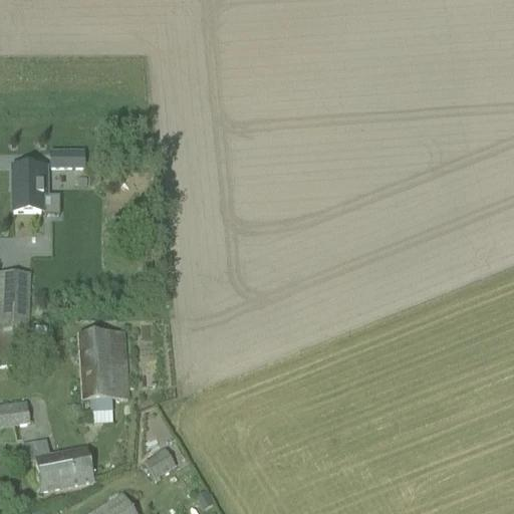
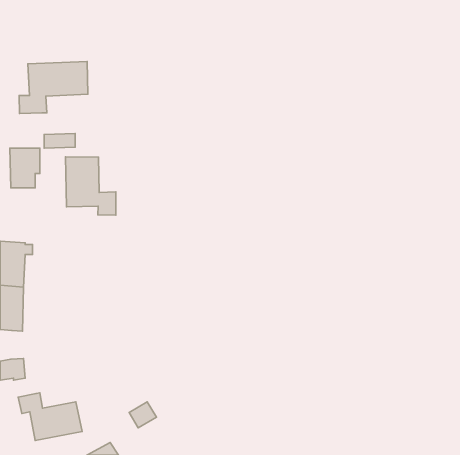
building: none -> [19,61,88,114]
building: none -> [66,157,116,215]
building: [78,330,126,410] -> none

